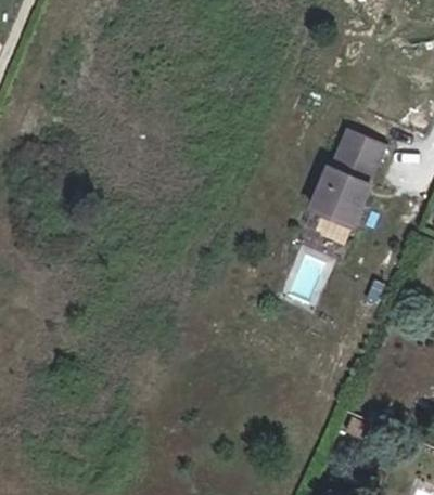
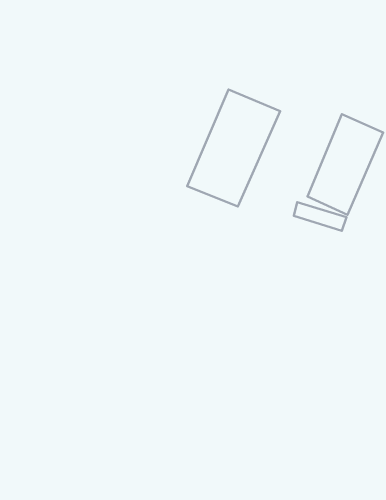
building: none -> [187,90,280,207]

